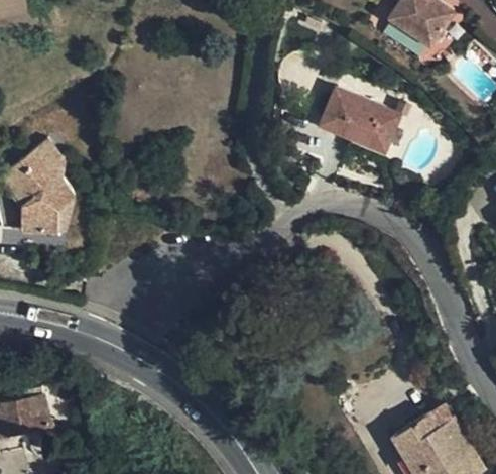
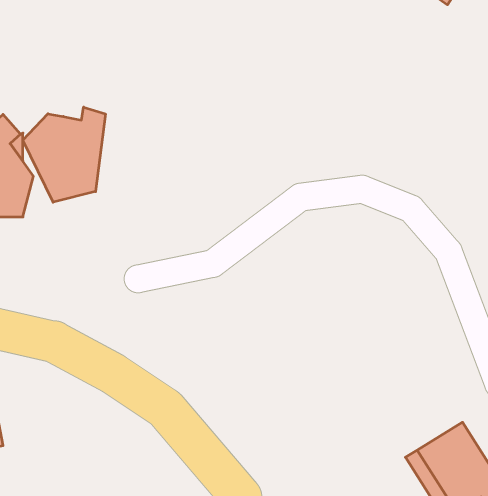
building: [321,89,400,153] -> none
building: none -> [23,107,105,202]

